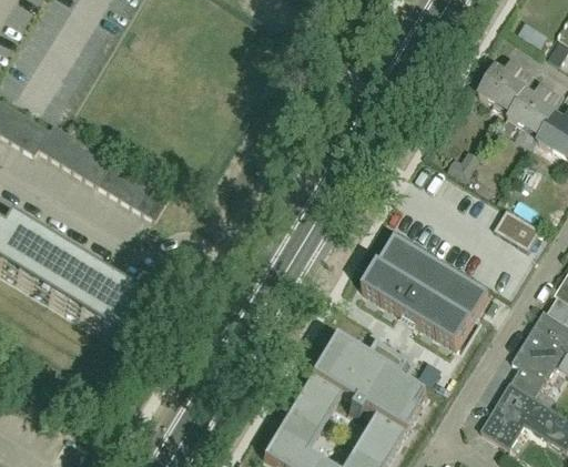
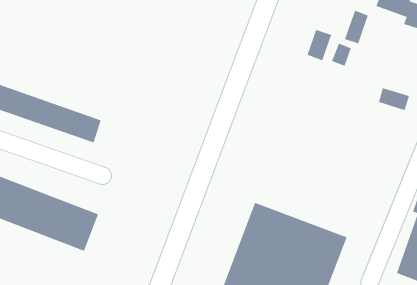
building: none -> [344,10,368,44]
building: none -> [307,29,332,61]
building: [364,240,489,353] -> none

